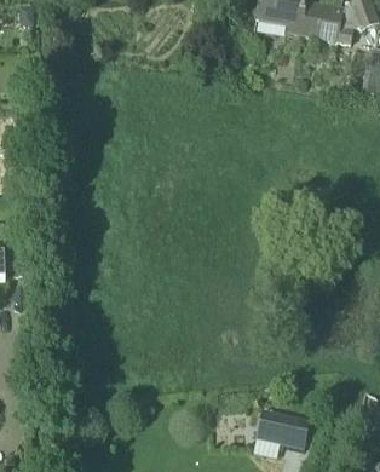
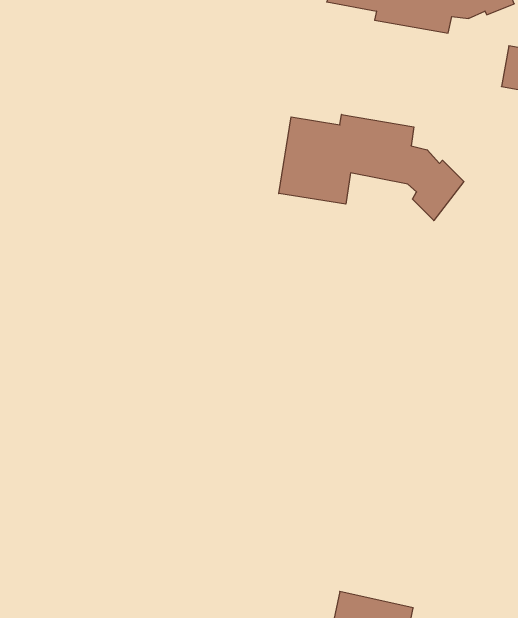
building: none -> [279,114,464,221]

